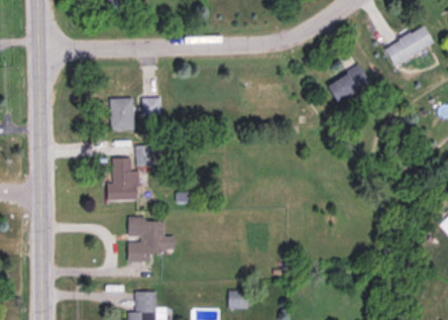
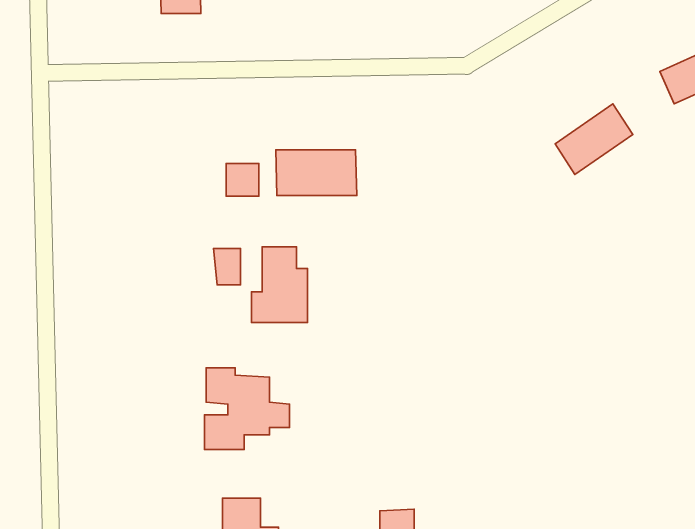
building: none -> [276,150,357,196]
building: [110,98,133,131] -> none
building: [106,158,137,201] -> [251,247,307,323]

